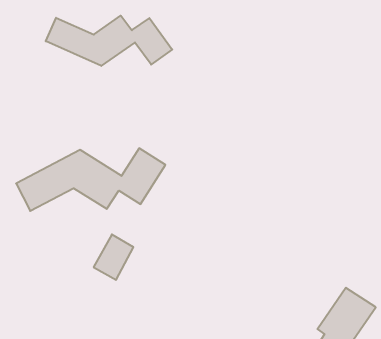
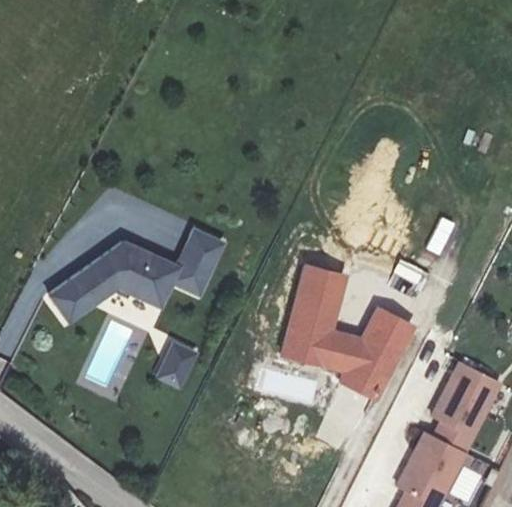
building: [46,16,172,66] -> none
building: none -> [283,269,412,401]

